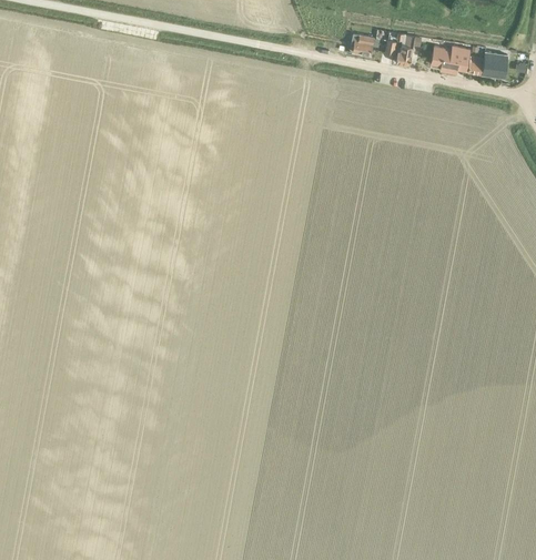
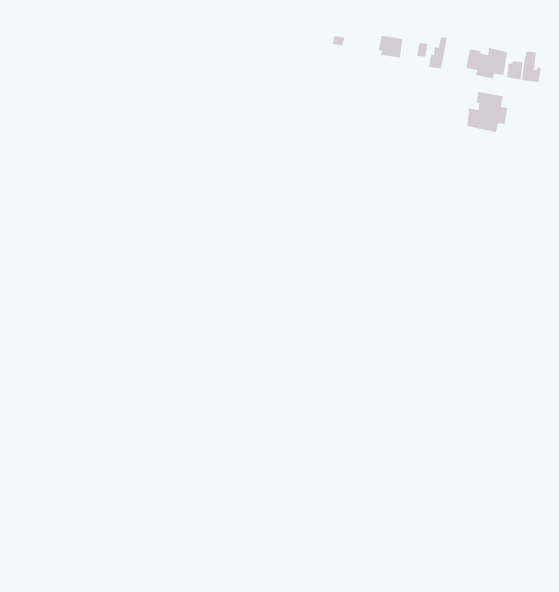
building: none -> [467,91,508,133]

